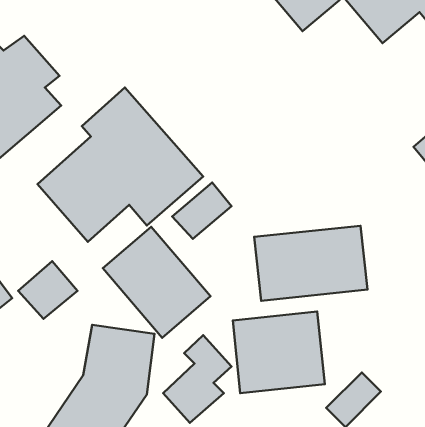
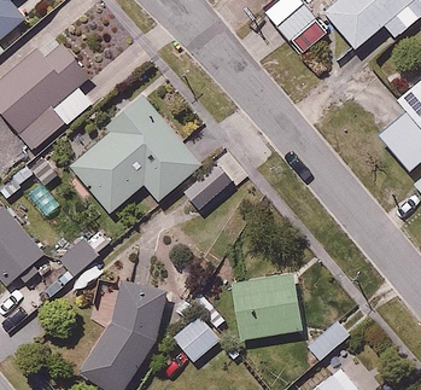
building: [254,226,368,301] -> none
building: [103,227,210,338] -> none

